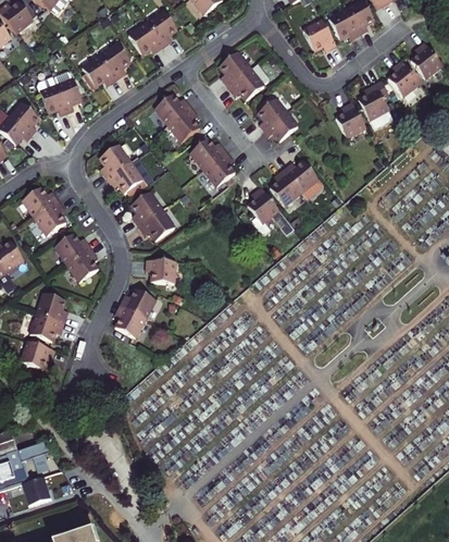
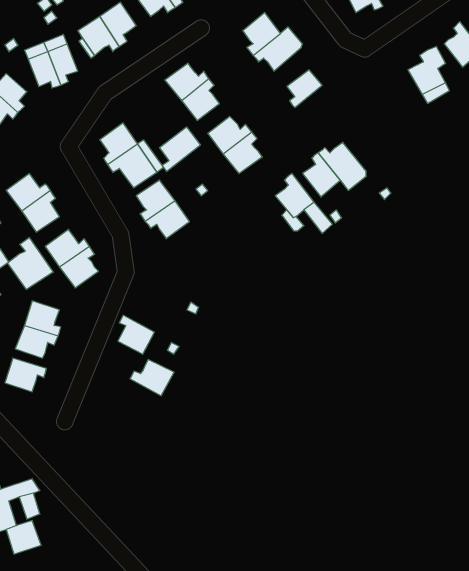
building: [335,101,366,138] -> none
building: [263,112,298,141] -> none
building: none -> [160,127,200,172]
building: none -> [7,237,53,289]
building: [146,259,176,283] -> none
building: [120,288,157,319] -> [130,359,174,396]

